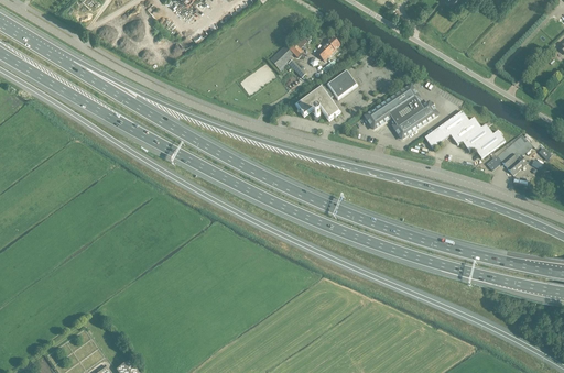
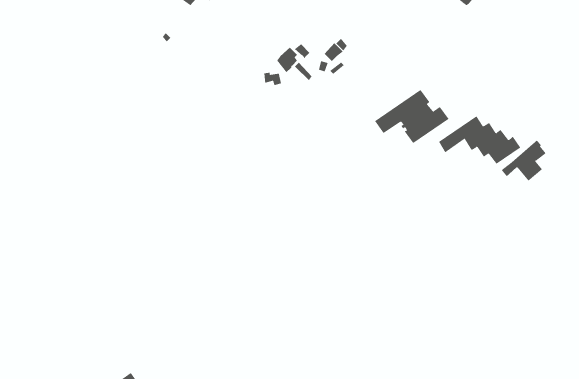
building: [294,70,357,121] -> none

